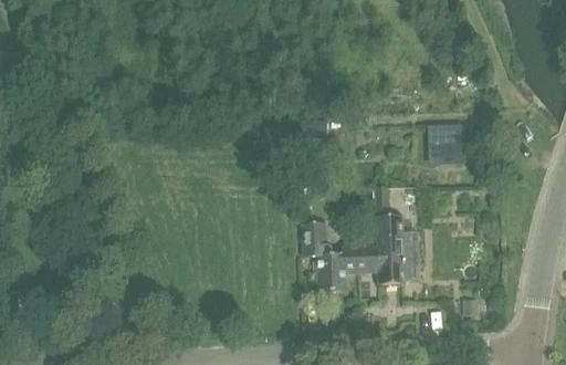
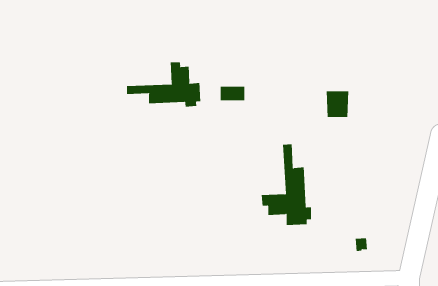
building: none -> [127,61,201,108]
building: [302,221,357,293] -> none

